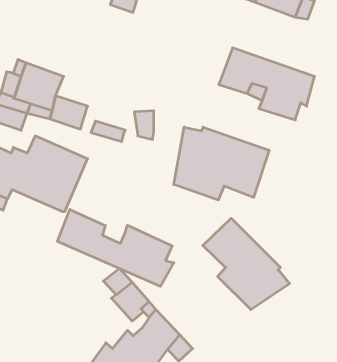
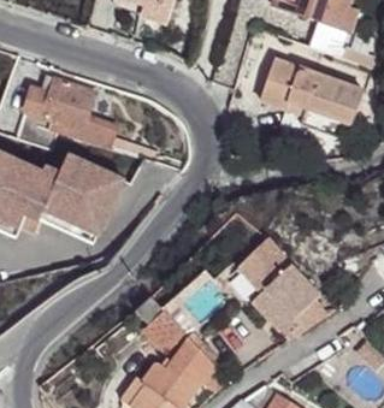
building: [174,127,269,200] -> none
building: [57,209,174,286] -> none

